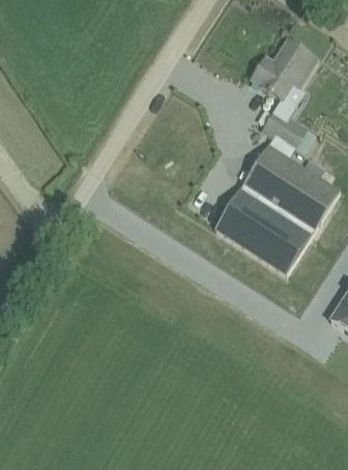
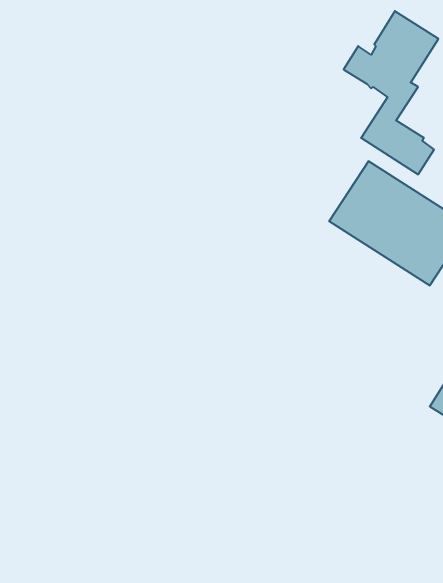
building: [215,186,313,273] -> none

